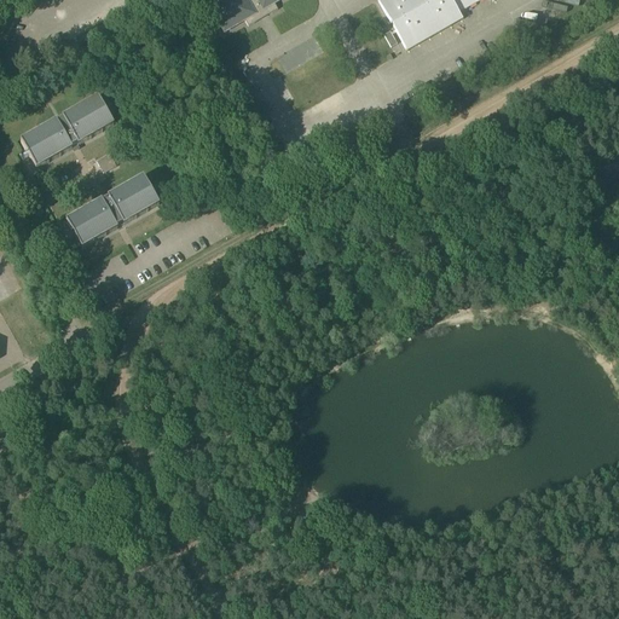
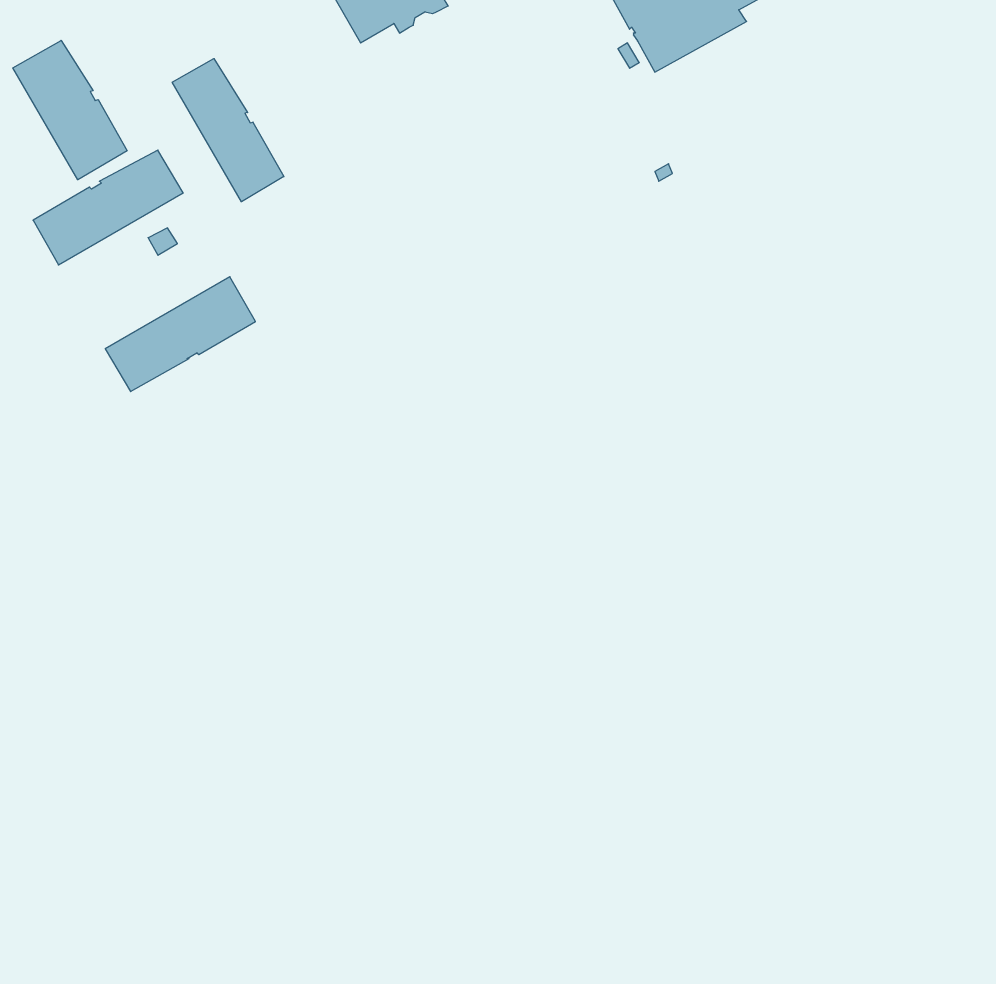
building: none -> [13,40,127,180]
building: none -> [172,59,284,202]

